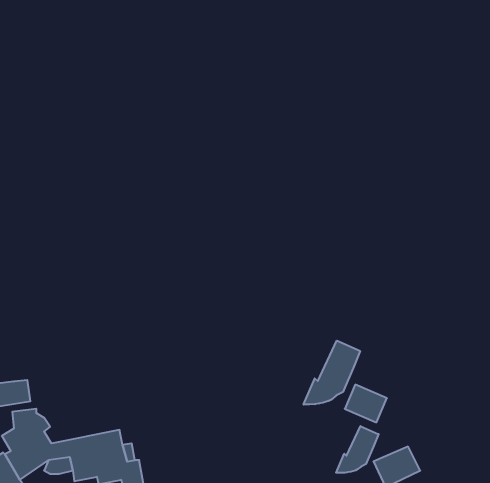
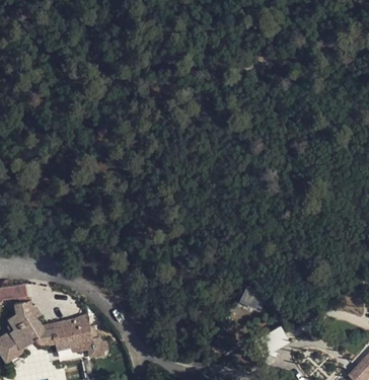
building: [304,341,360,405] -> none
building: [336,426,379,473] -> none

